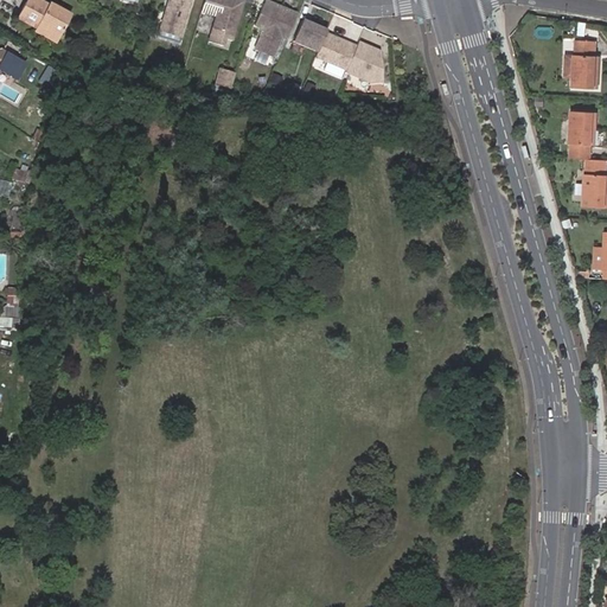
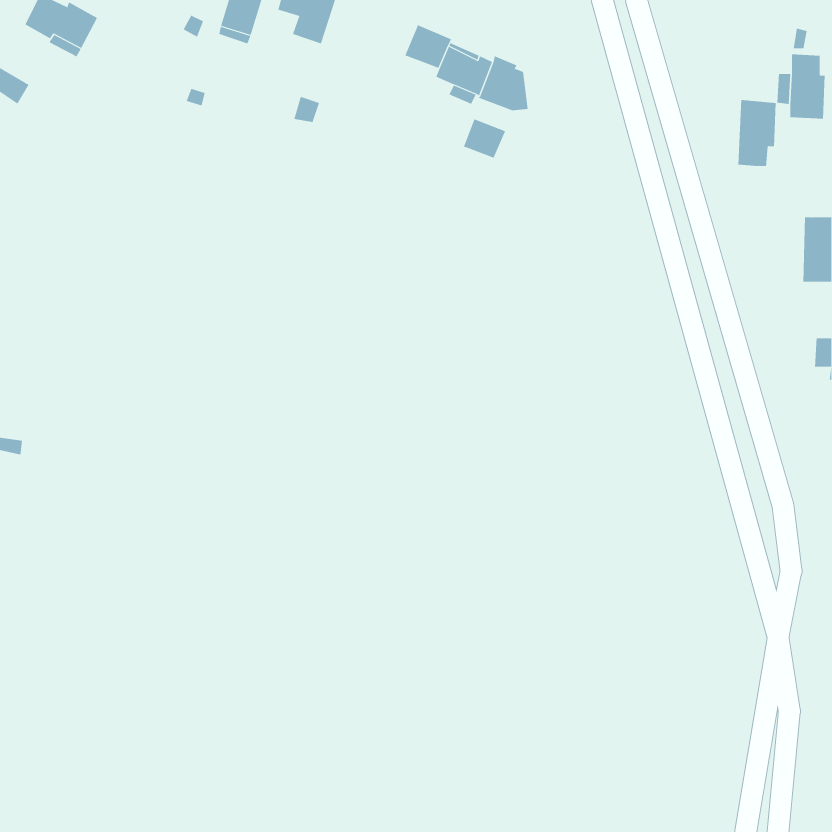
building: [255,5,296,55] -> none
building: none -> [463,118,506,158]
building: [569,109,598,158] -> [737,100,777,166]

